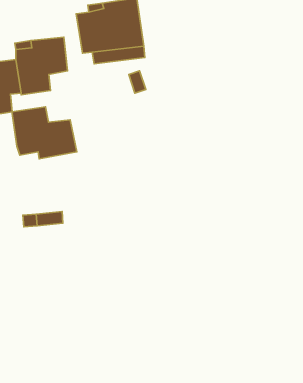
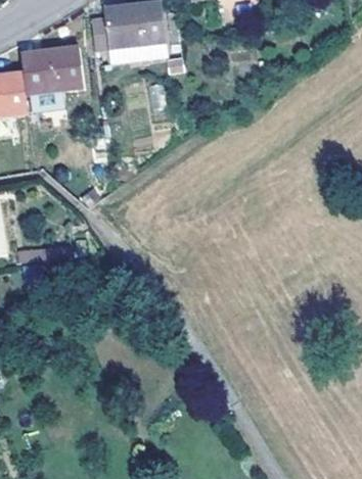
building: [12,107,77,159] -> none

